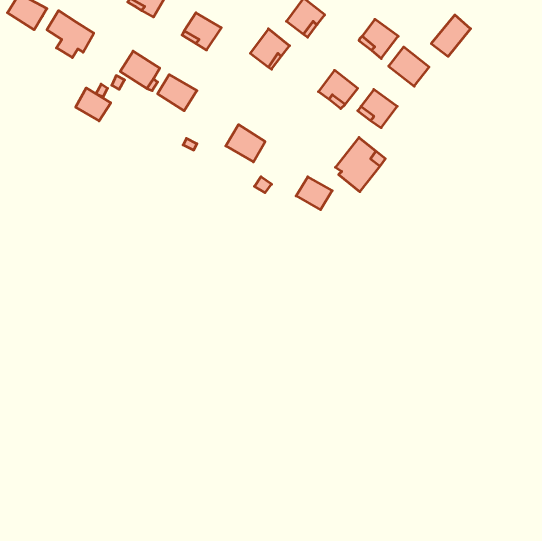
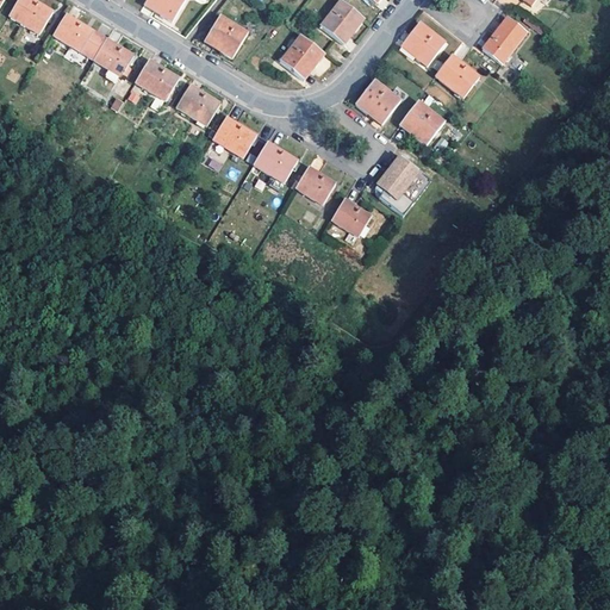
building: [76,88,111,121] -> [93,37,132,74]
building: none -> [212,116,256,156]
building: none -> [295,166,336,203]

